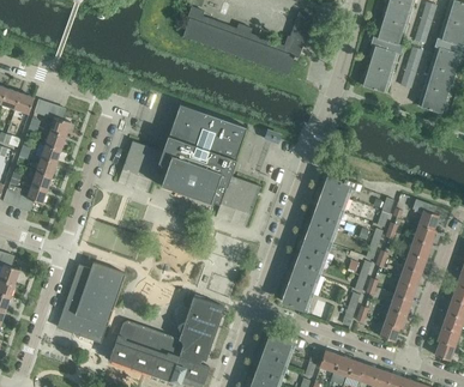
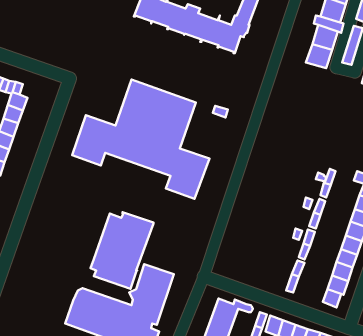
building: [282,177,363,310] -> none
building: [59,264,125,344] -> [90,212,153,289]

